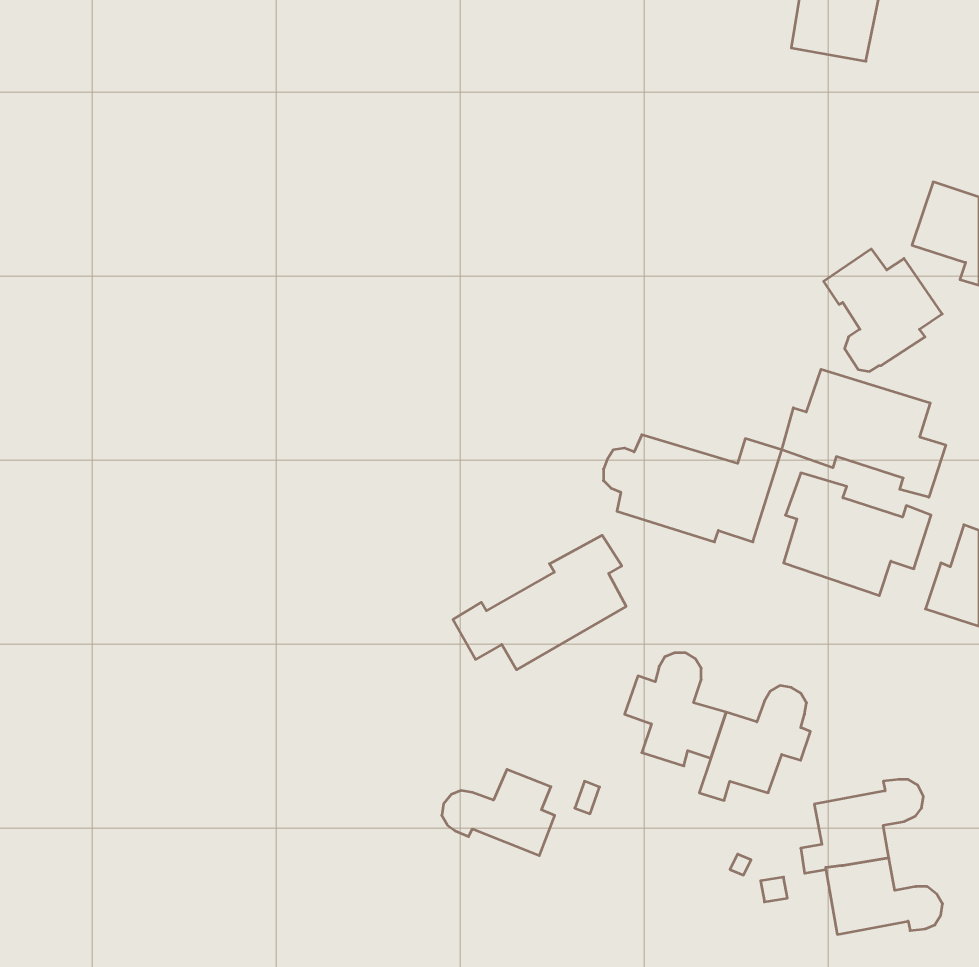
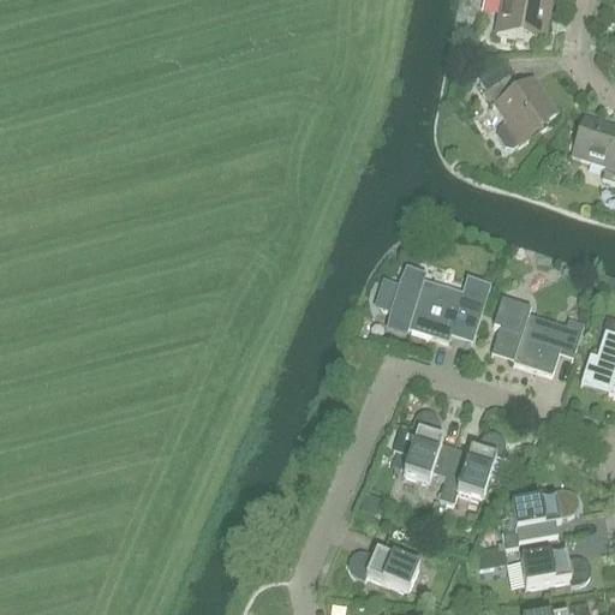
building: [824,249,942,371] -> [483,70,557,147]
building: [782,369,946,497] -> none
building: [453,535,626,670] -> none
building: [442,769,555,856] -> [347,537,418,591]

